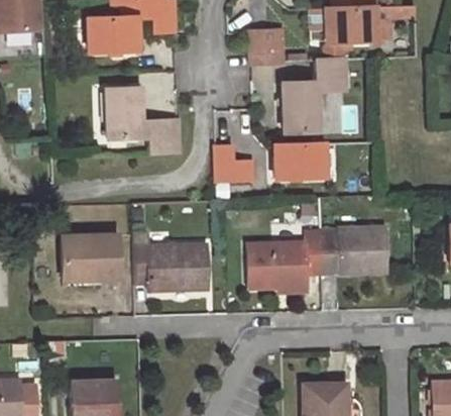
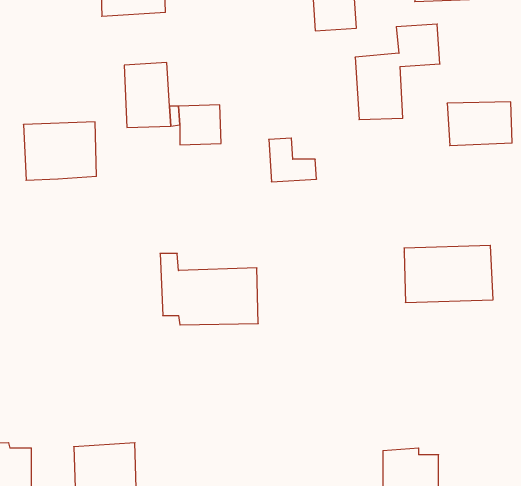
building: [275,145,325,179] -> [447,102,512,146]
building: [246,234,320,288] -> none
building: [63,236,118,281] -> [23,122,96,180]

